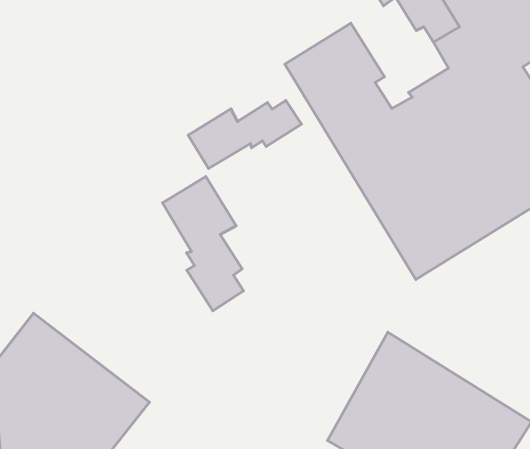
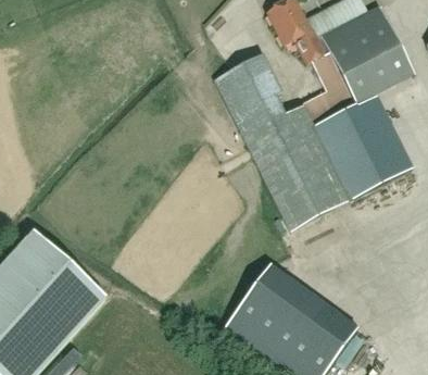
building: [188,100,302,169] -> none
building: [163,176,244,311] -> none

